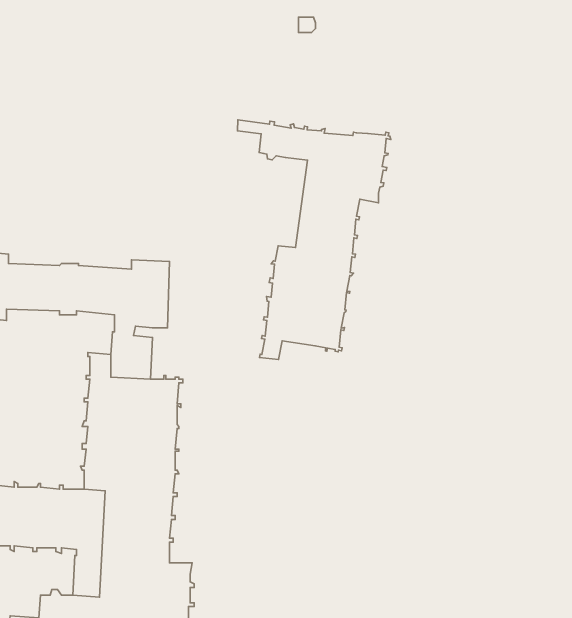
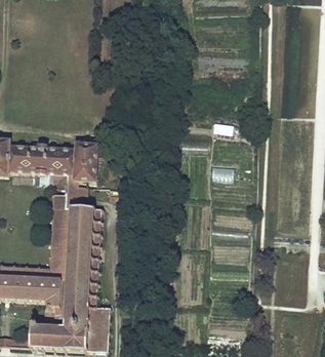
building: [237,120,391,359] -> none

